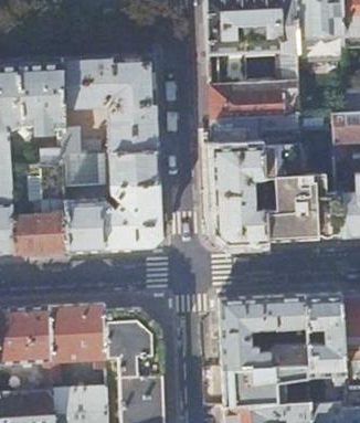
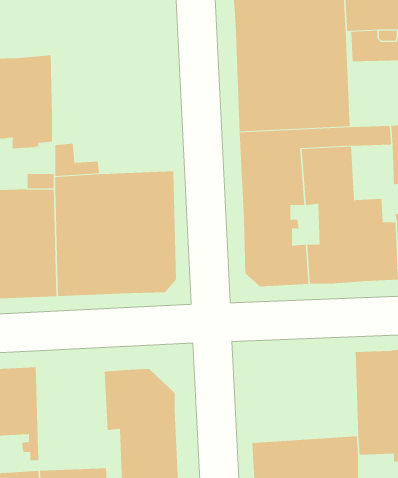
building: [61,53,159,152] -> none
building: [219,295,306,368] -> none
building: [49,305,105,384] -> none

